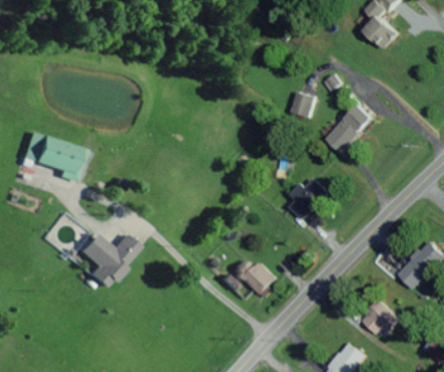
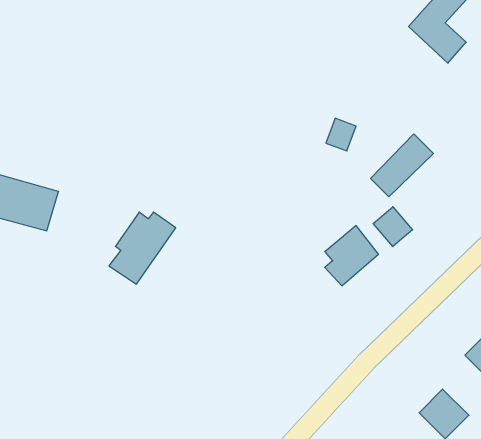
building: none -> [373,207,413,247]
building: [87,234,138,290] -> [109,212,176,284]
building: [235,261,276,296] -> none

